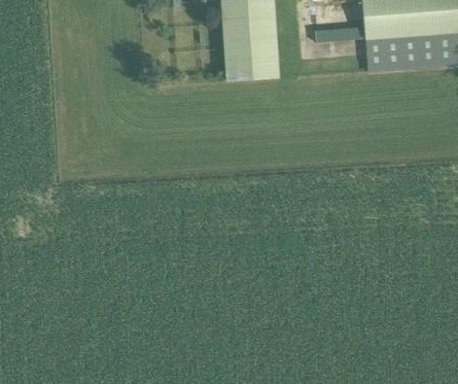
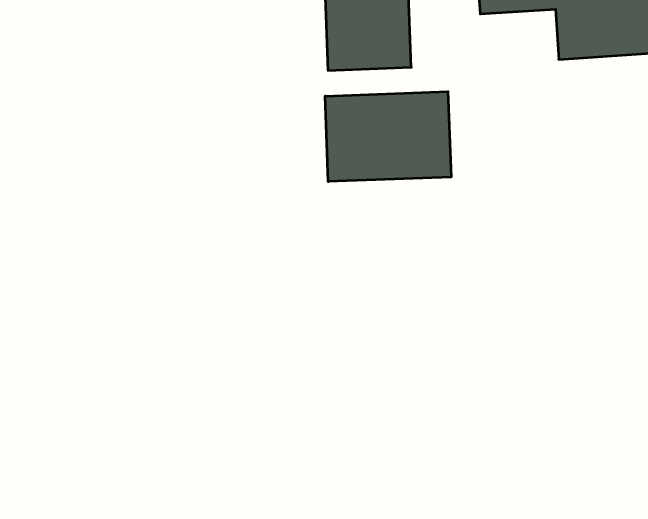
building: none -> [325,92,451,182]

